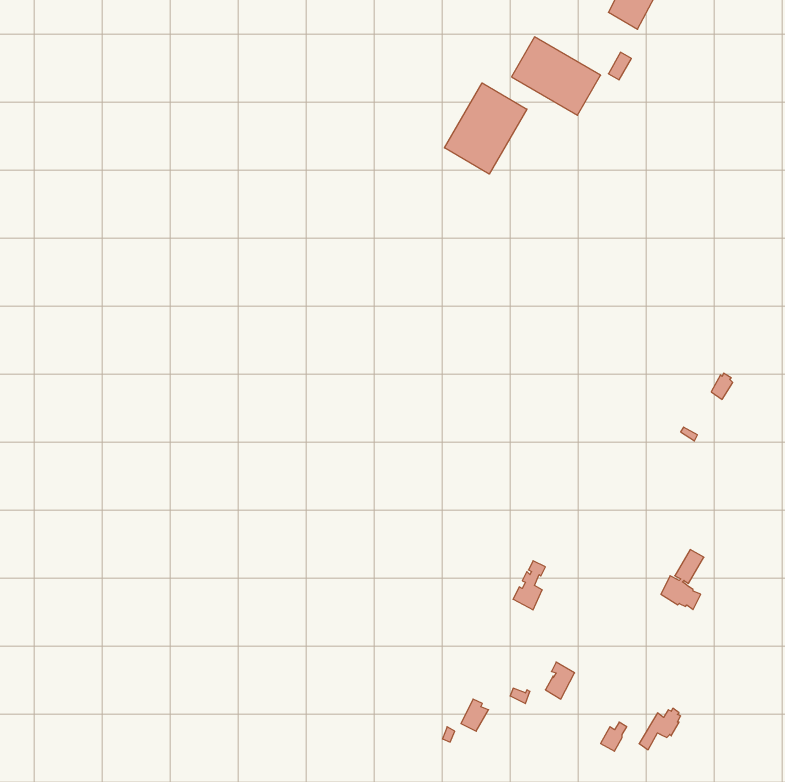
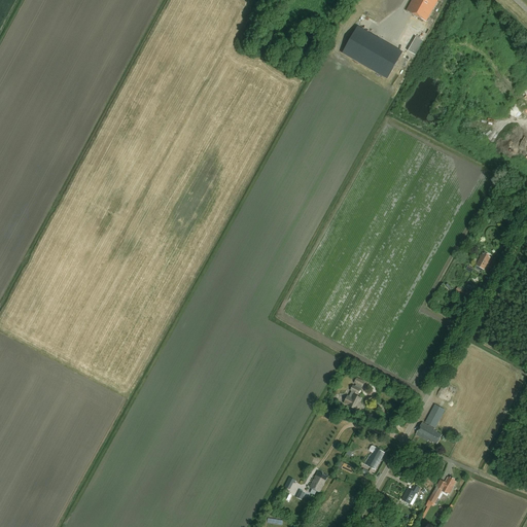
building: [444,83,527,174] -> none
building: [661,550,704,610] -> [416,402,445,443]

